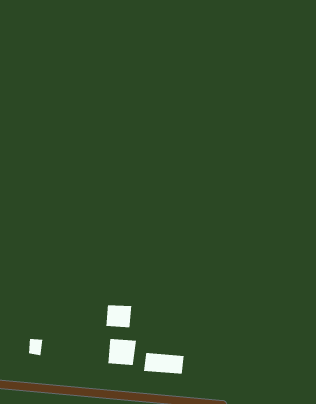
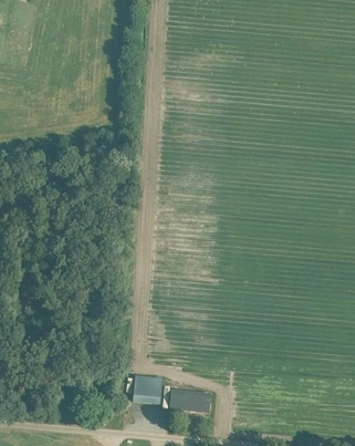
building: [106,304,132,328] -> none

